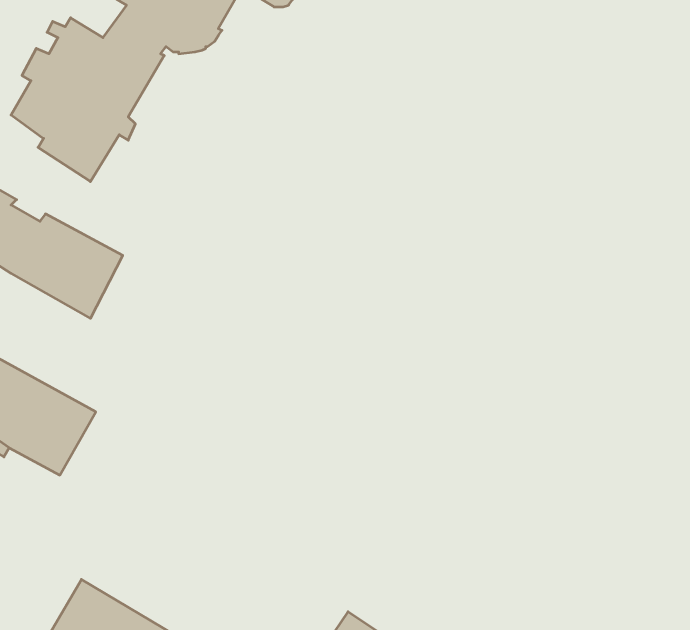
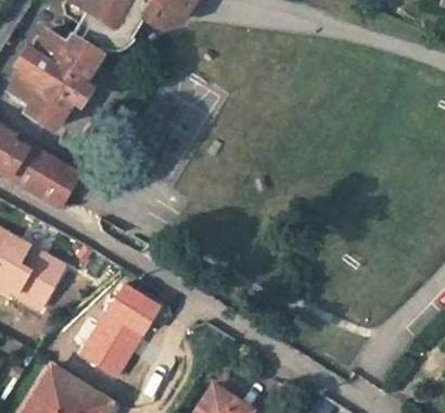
building: none -> [78,279,164,379]

